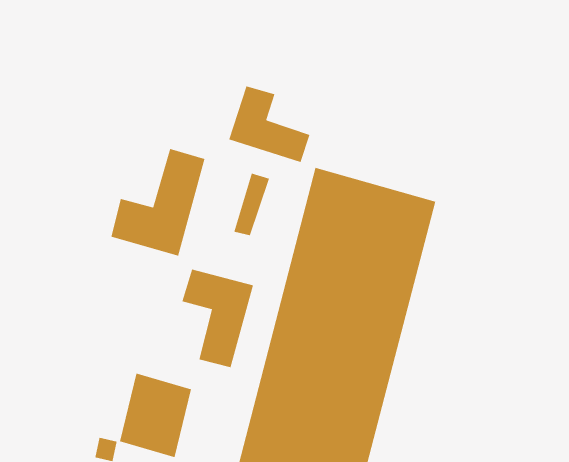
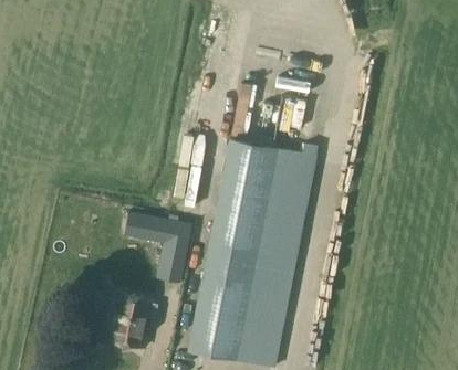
building: [228,85,310,163] -> none
building: [111,148,205,256] -> none

